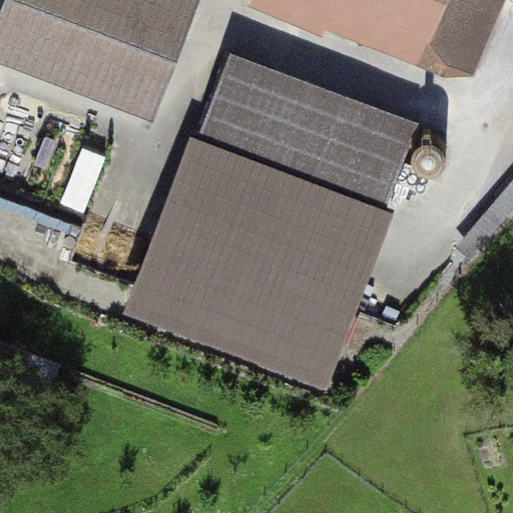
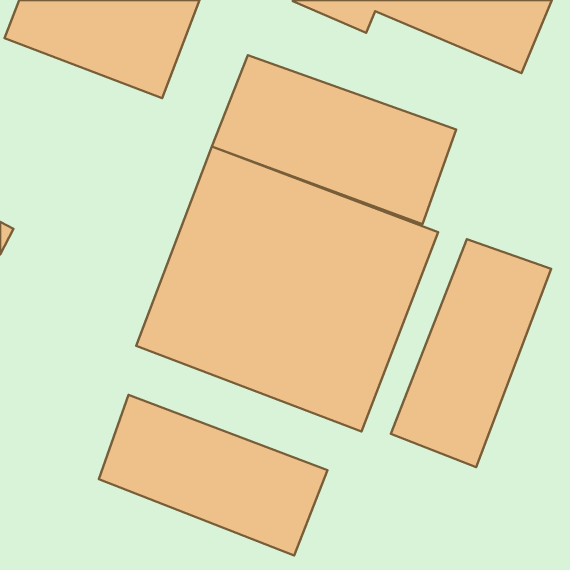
building: none -> [391,239,551,467]
building: none -> [99,395,328,555]

